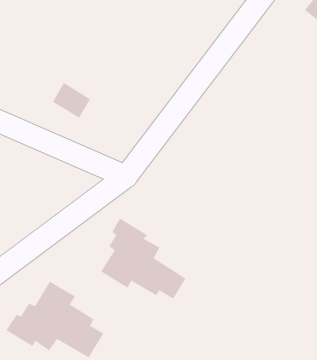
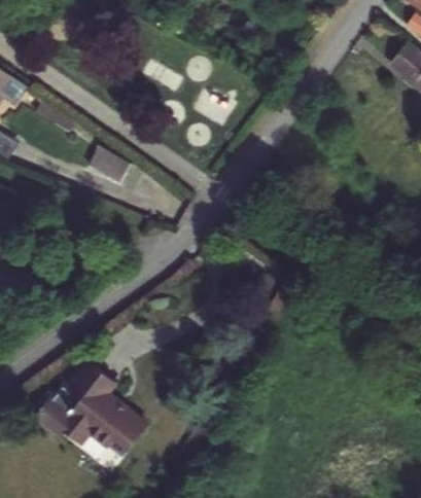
building: [101,217,186,300] -> none

